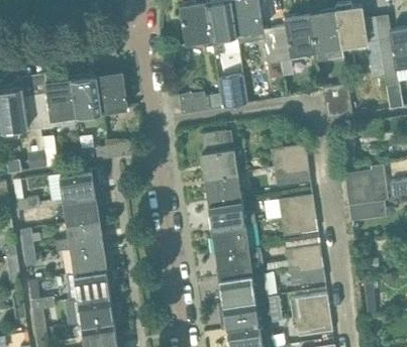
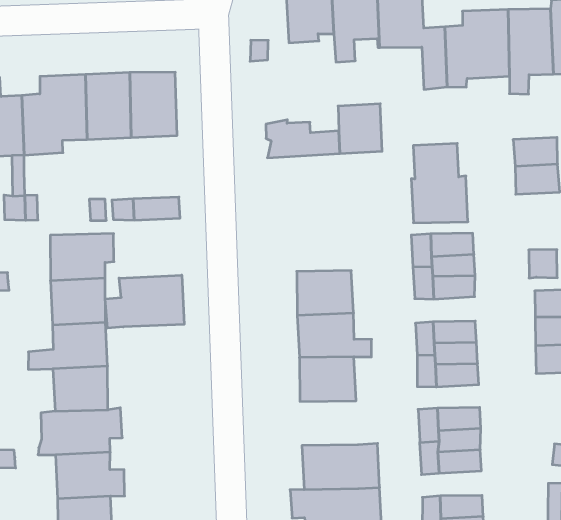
building: [200,130,236,179] -> [411,143,468,223]
building: none -> [105,275,184,328]
building: [215,247,263,278] -> none

